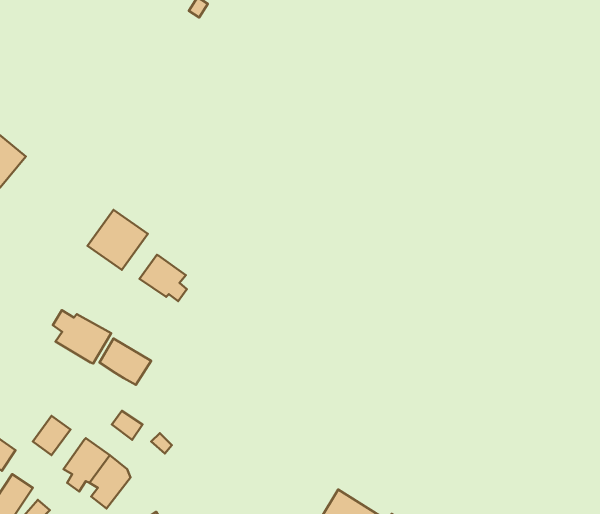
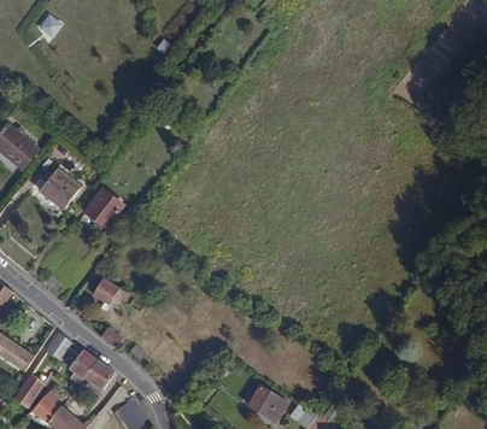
building: none -> [39,166,81,210]
building: [140,255,187,301] -> none
building: [53,310,111,363] -> none

